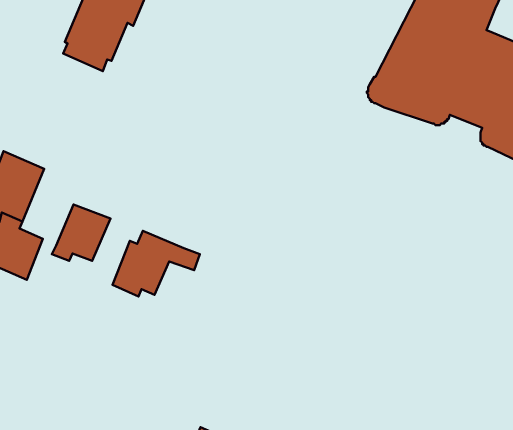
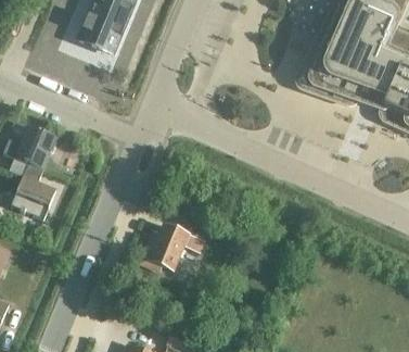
building: [52,204,110,261] -> none
building: [112,231,200,296] -> [142,223,207,272]

